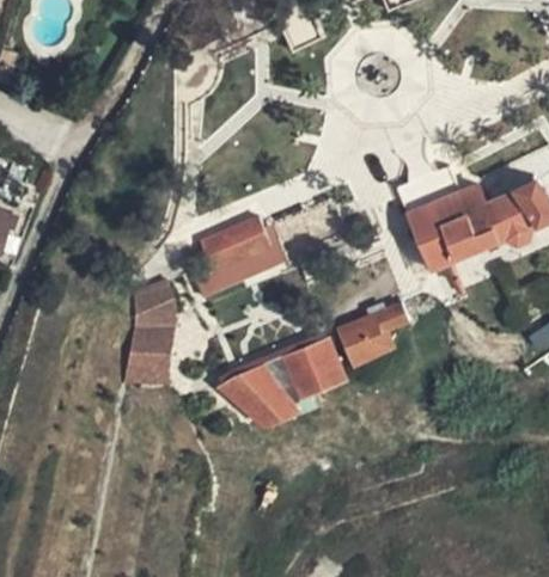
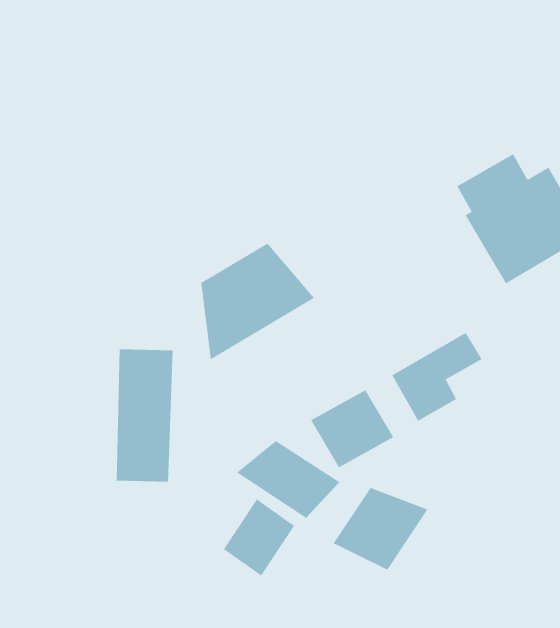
building: none -> [223,499,295,577]
building: none -> [333,487,428,571]

